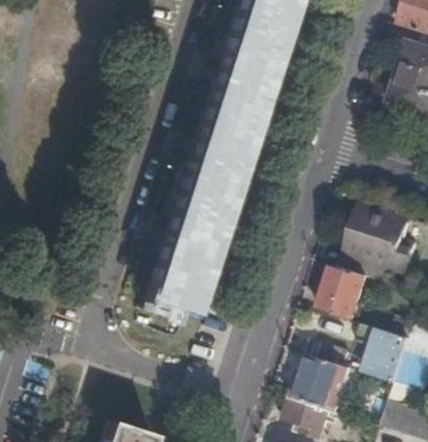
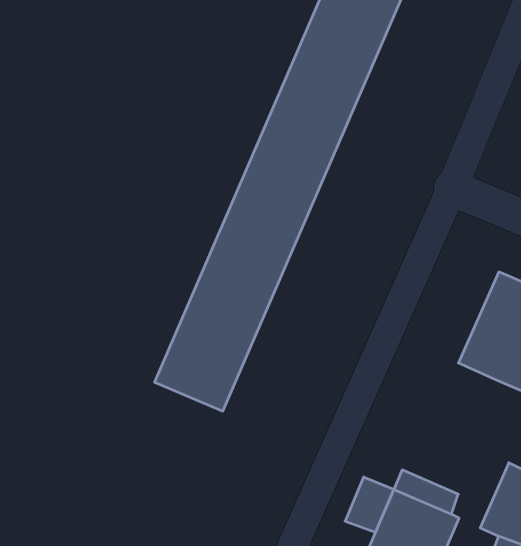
building: [323,266,370,320] -> none

